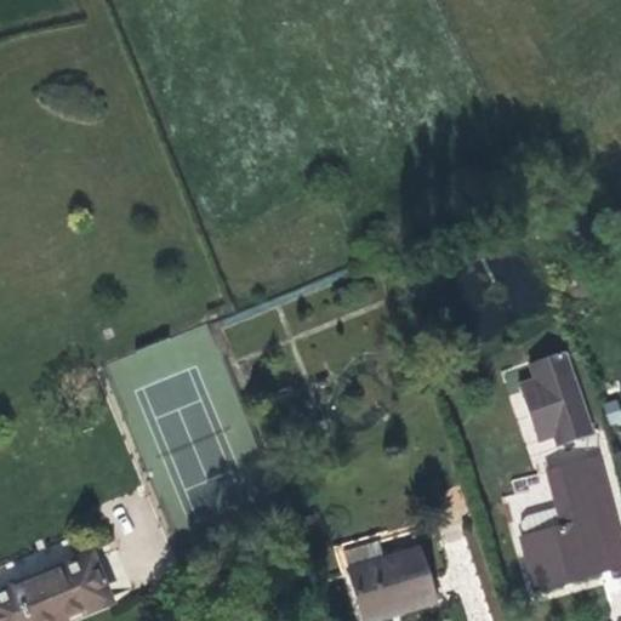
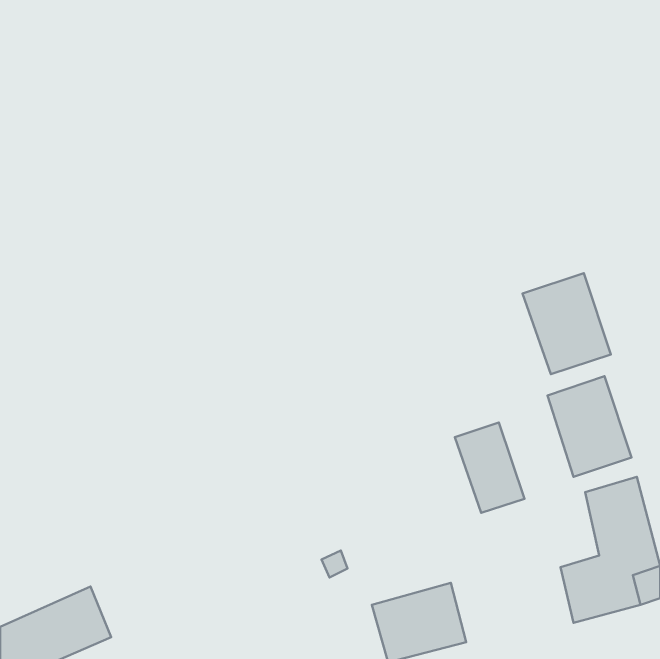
building: none -> [523,273,611,374]
building: none -> [455,423,524,513]

